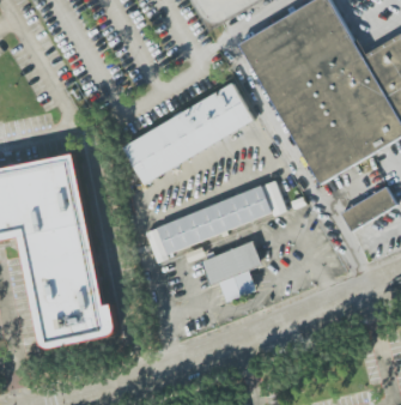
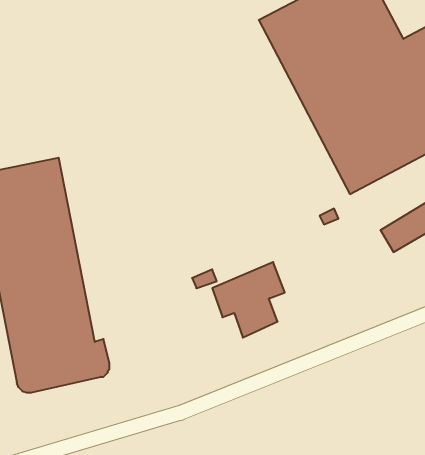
building: [122,83,251,185] -> none
building: [142,180,285,262] -> none

